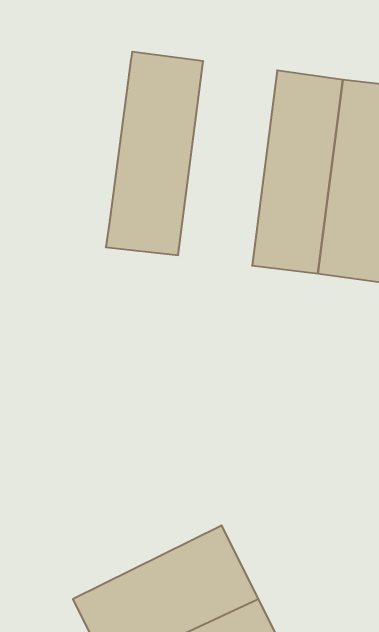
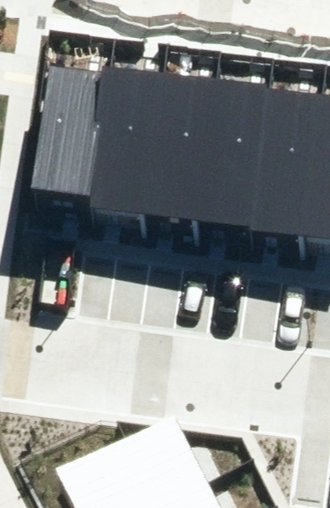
building: none -> [34,63,110,192]
building: none -> [146,72,221,227]

